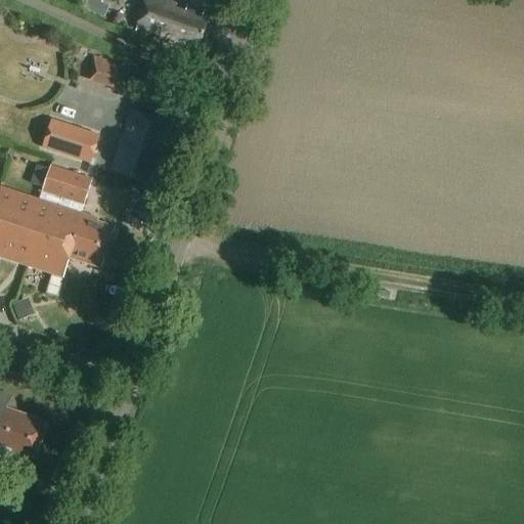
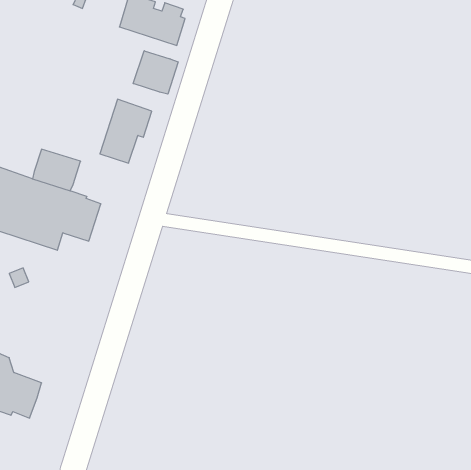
building: [84,53,118,85] -> none
building: none -> [133,51,178,94]
building: [41,117,98,160] -> none

